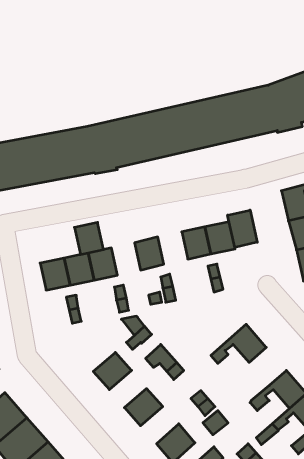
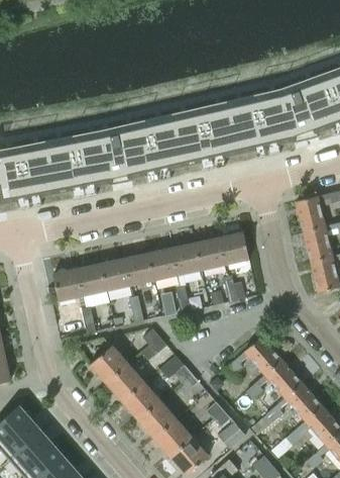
building: [228,210,257,247] -> none
building: [74,222,104,255] -> [125,253,154,285]
building: none -> [172,242,202,274]
building: none -> [91,344,129,382]
building: none -> [246,358,301,396]
building: none -> [123,381,160,418]
building: none -> [154,417,193,455]

